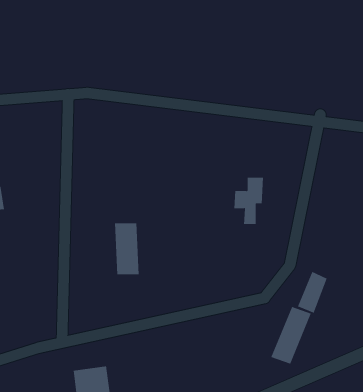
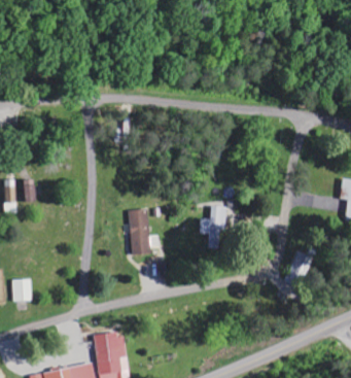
building: [233,177,264,224] -> [200,206,225,246]
building: [271,306,312,364] -> none

